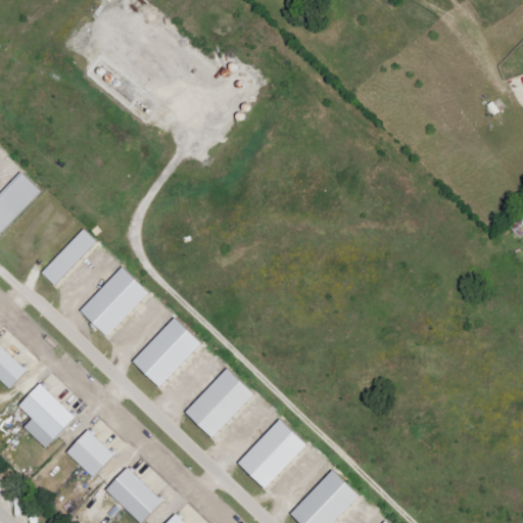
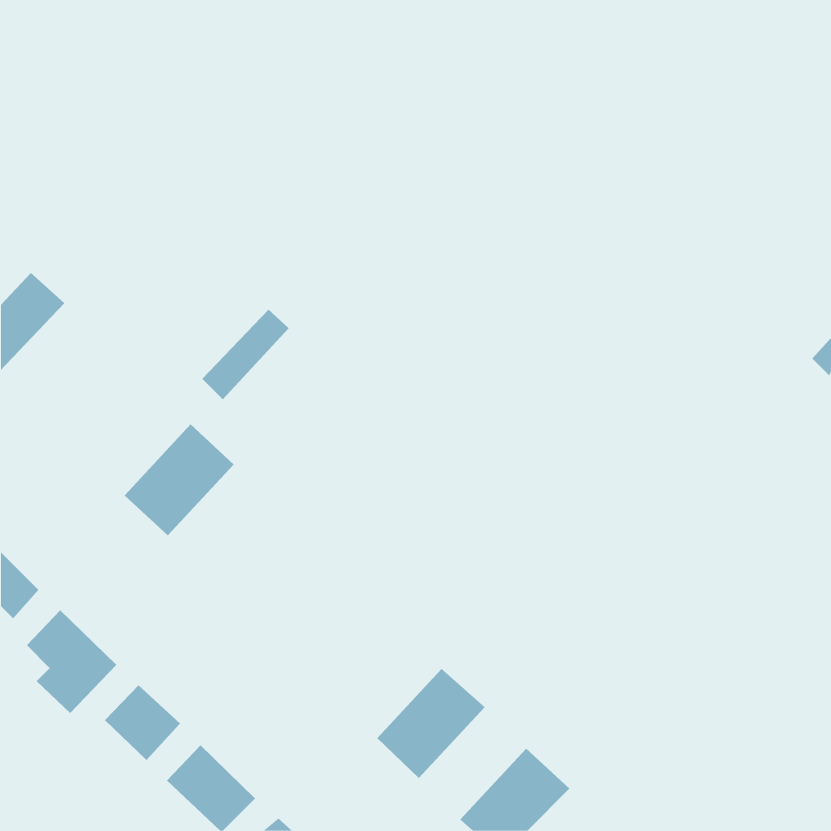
building: [41,228,96,285] -> [202,309,290,400]
building: [132,317,200,387] -> none
building: [184,367,253,438] -> none

